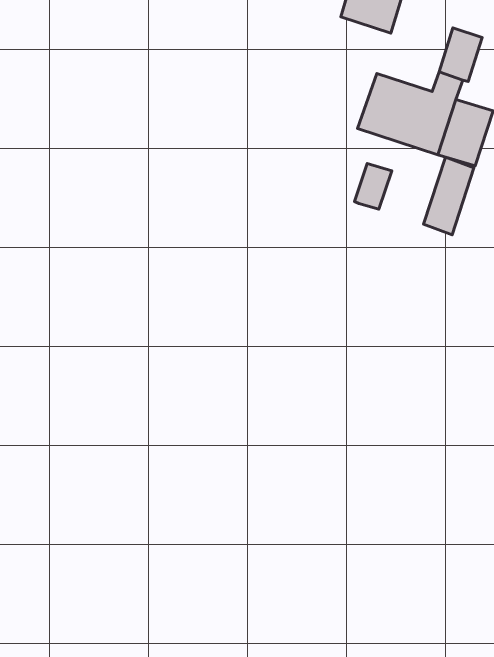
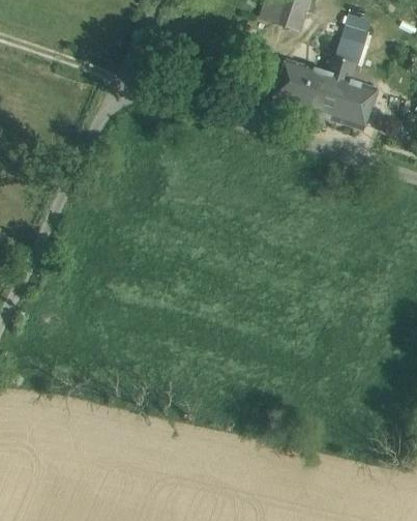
building: [424,157,474,235] -> none
building: [355,163,392,209] -> none

